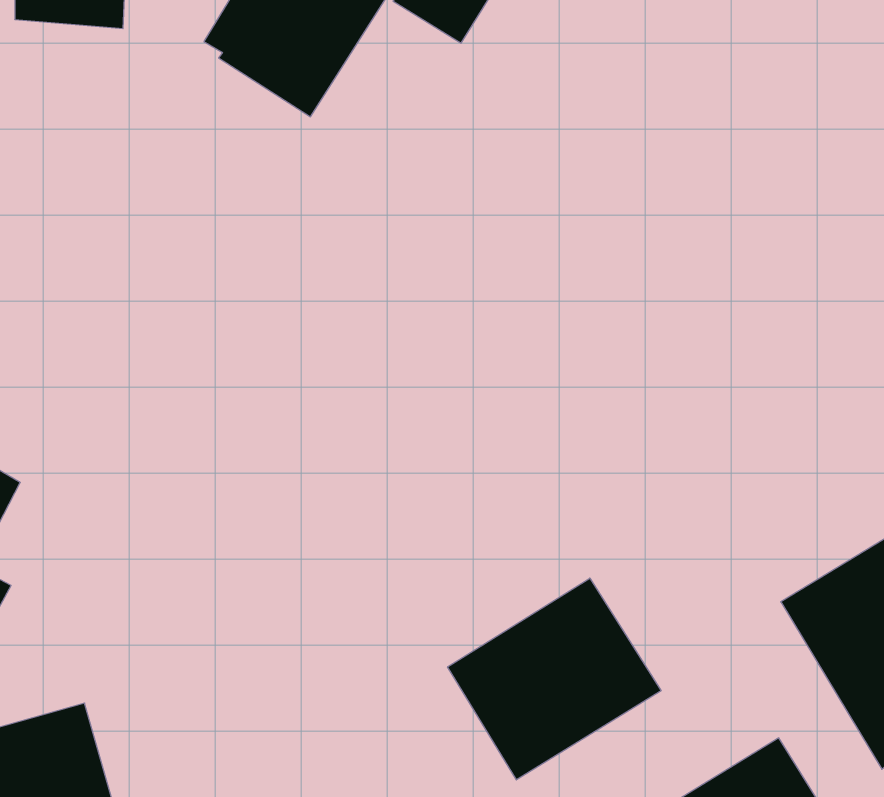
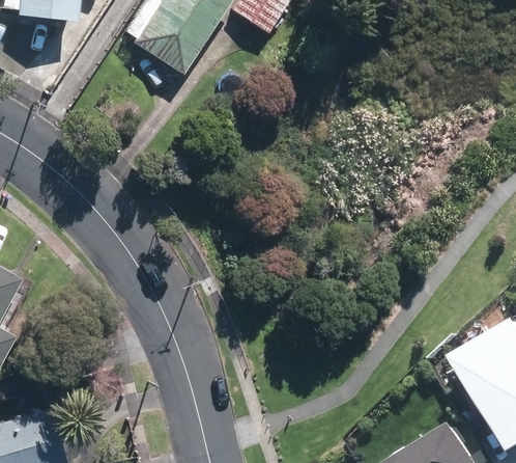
building: [448,578,661,780] -> none

